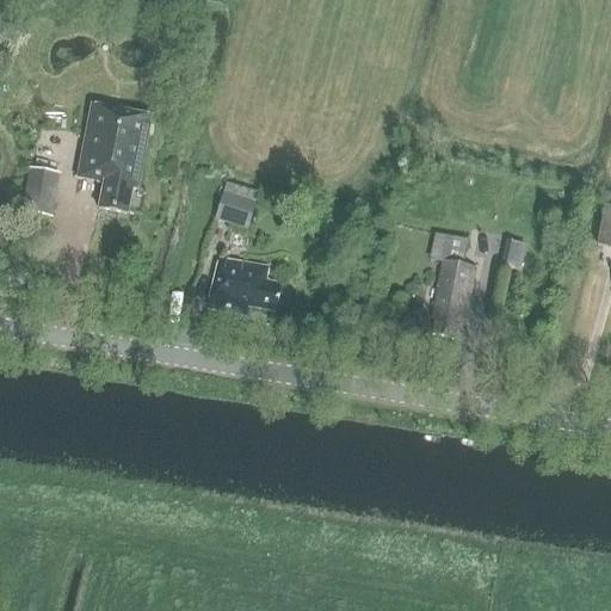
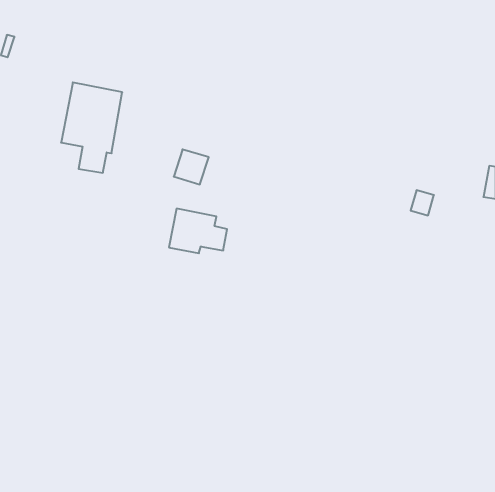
building: [21,166,60,215] -> none
building: [430,232,477,335] -> none

